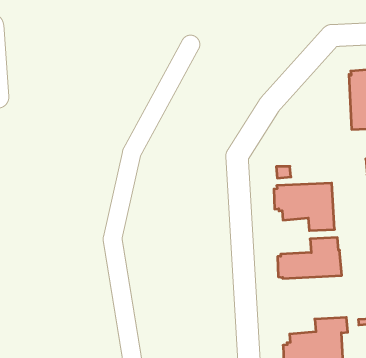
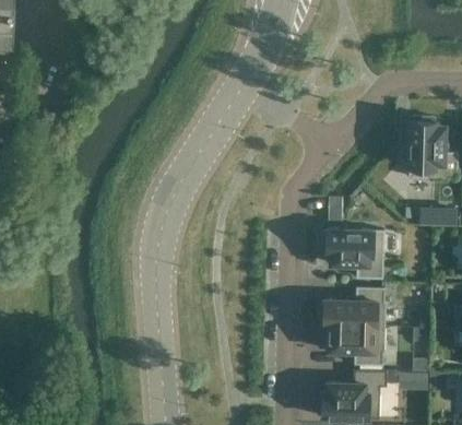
building: none -> [320,326,386,366]

